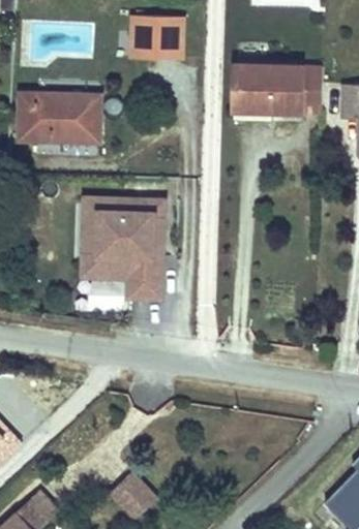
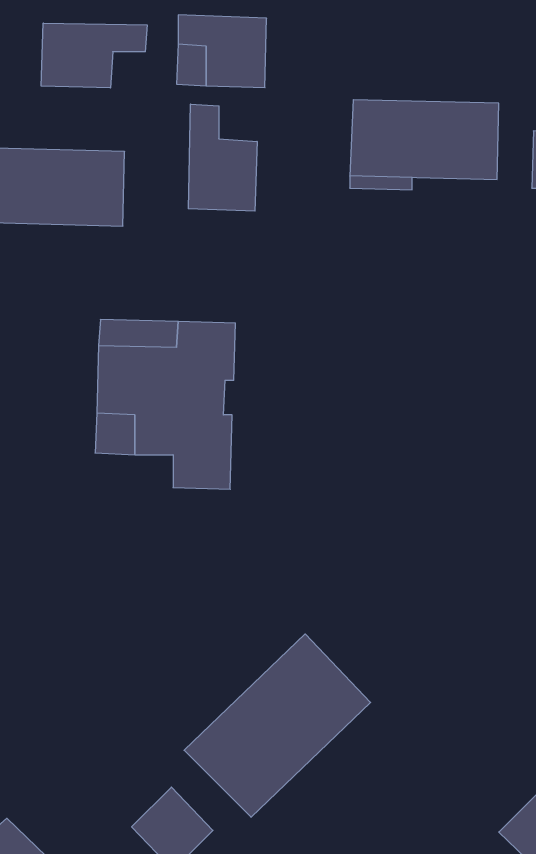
building: none -> [41,23,147,88]
building: none -> [188,104,257,211]
building: none -> [184,634,371,817]

